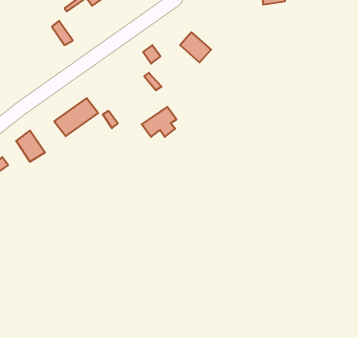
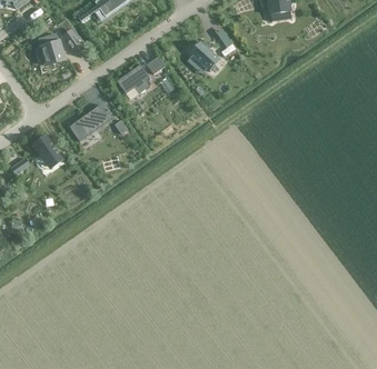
building: none -> [38,33,62,62]
building: [142,107,176,137] -> [117,64,150,93]

